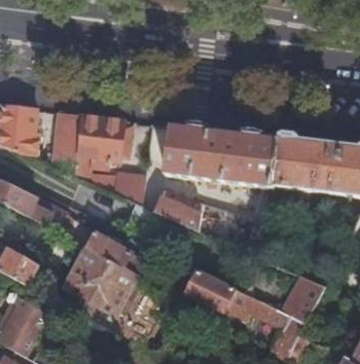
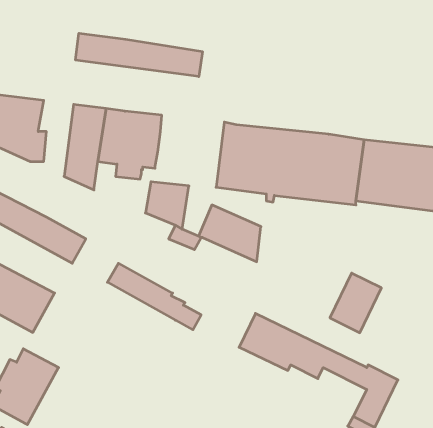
building: none -> [76,33,202,77]
building: [64,246,137,315] -> none
building: [283,275,322,320] -> [330,273,381,333]

